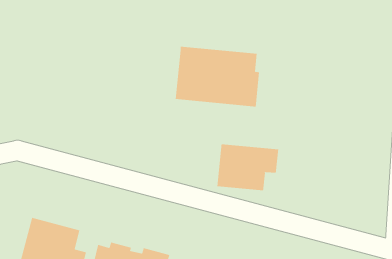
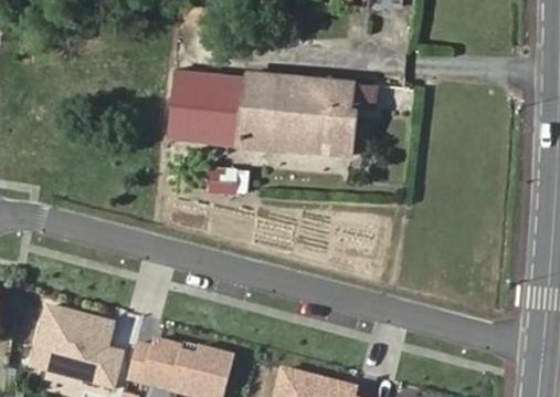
building: none -> [168,73,247,144]
building: [217,143,279,191] -> none

